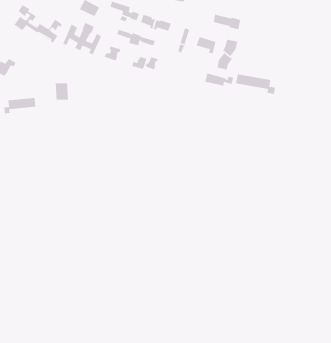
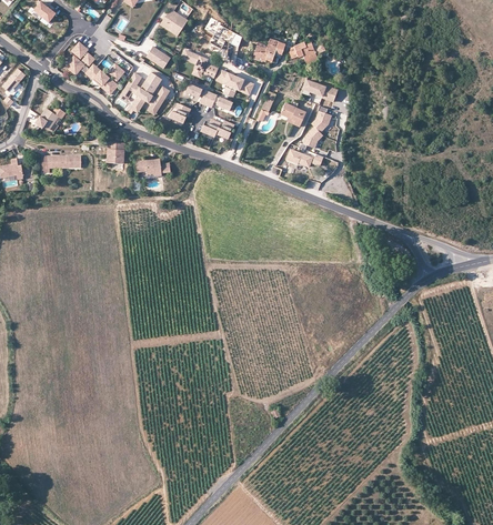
building: [235,73,276,95] -> none
building: none -> [134,158,170,176]

